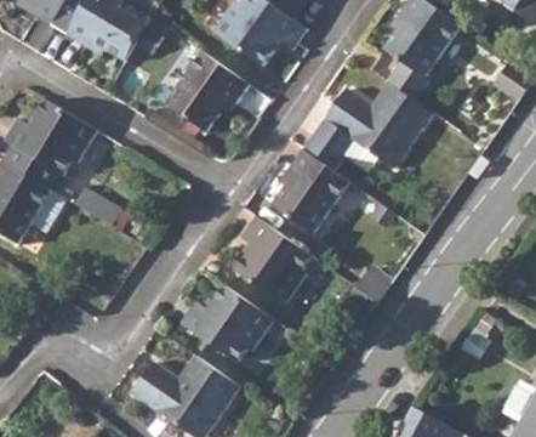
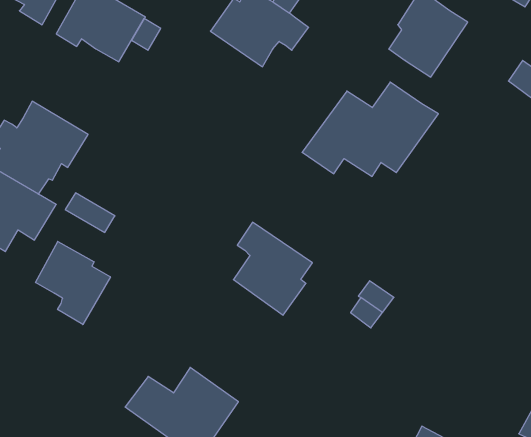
building: [165,52,246,132] -> none
building: [270,148,347,233] -> none
building: none -> [36,241,110,325]
building: [181,284,272,362] -> none

